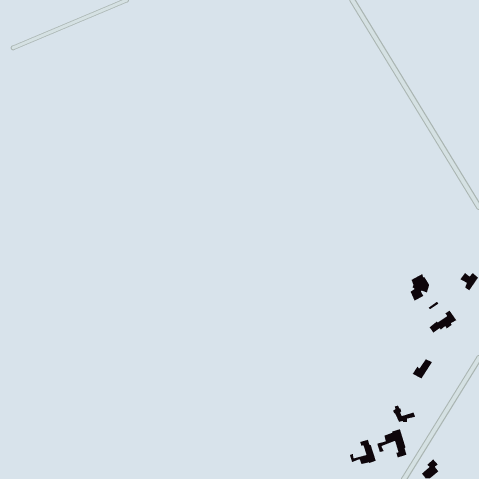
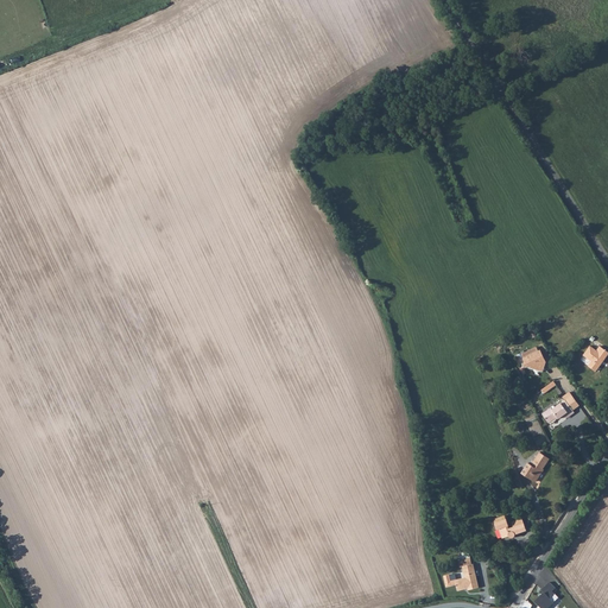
building: [376,428,407,459] -> none

